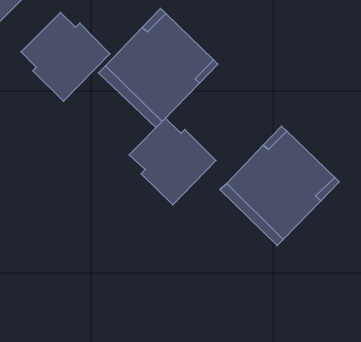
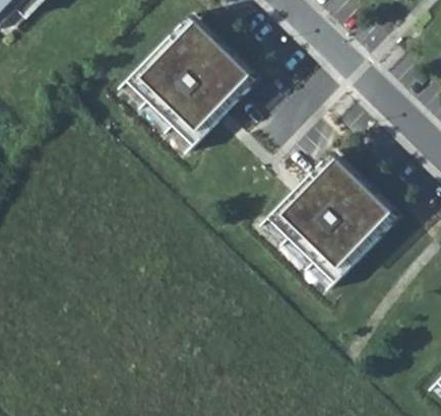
building: [21,13,110,101] -> none
building: [129,118,216,205] -> none

